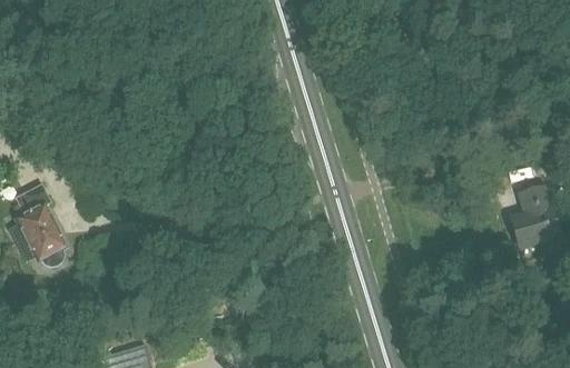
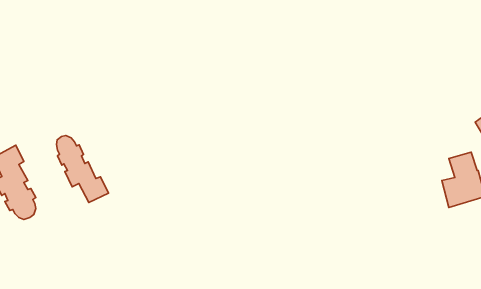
building: none -> [56,135,108,202]

